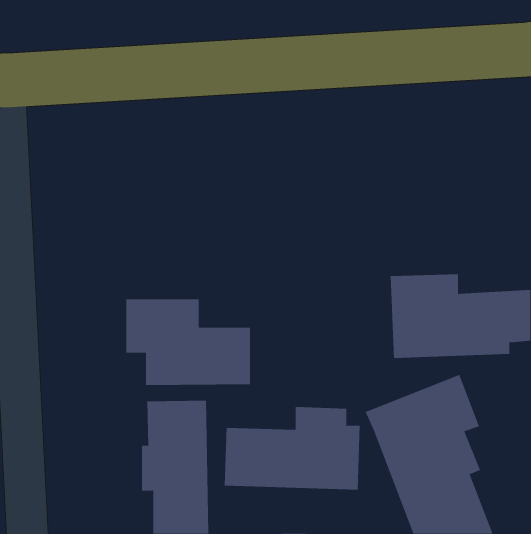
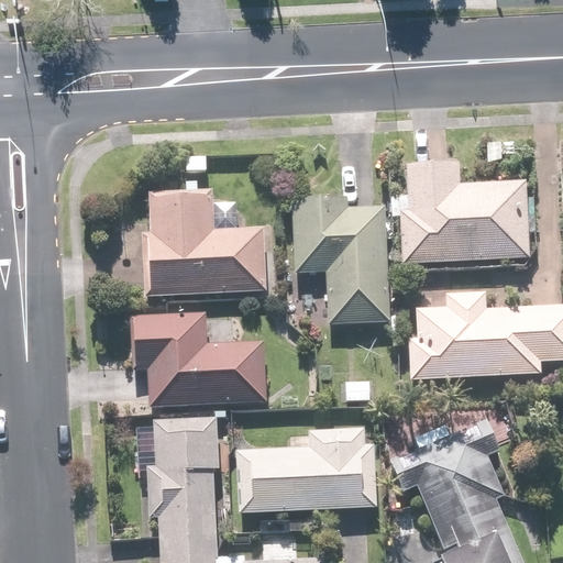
building: none -> [399,166,528,262]
building: none -> [148,189,266,296]
building: none -> [290,197,391,325]

